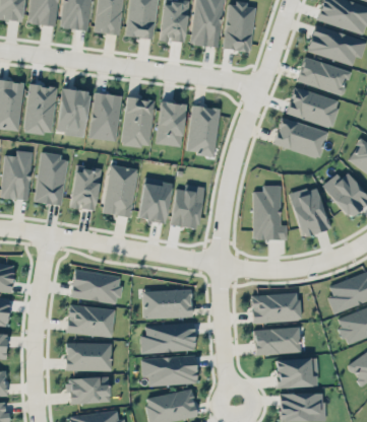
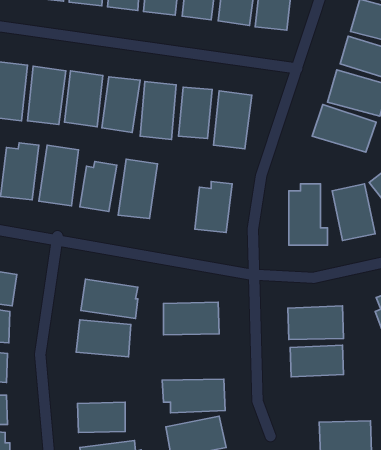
building: [137,177,173,223] -> none
building: [141,323,195,353] -> none
building: [66,342,112,371] -> none
building: [276,357,318,388] -> none

